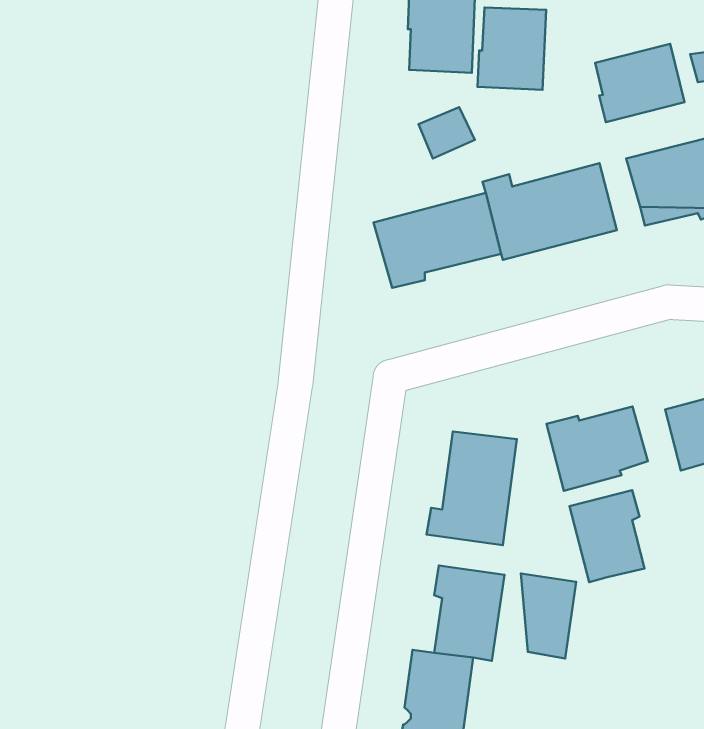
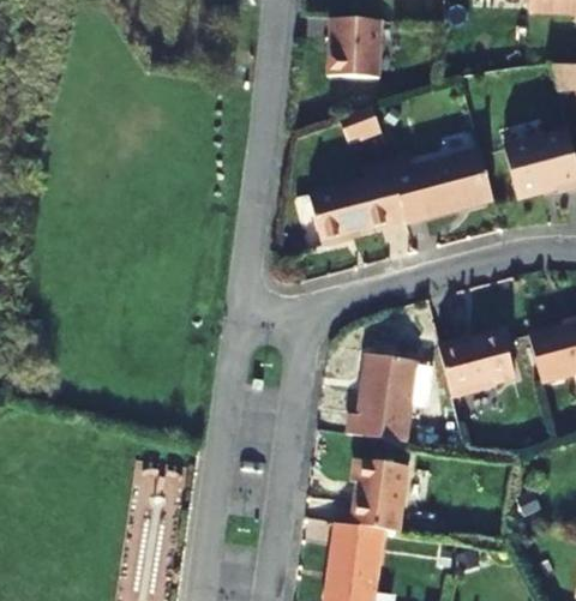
building: [477,7,546,90] -> none
building: [595,44,685,122] -> none
building: [570,490,645,582] -> none
building: [521,573,576,659] -> none

